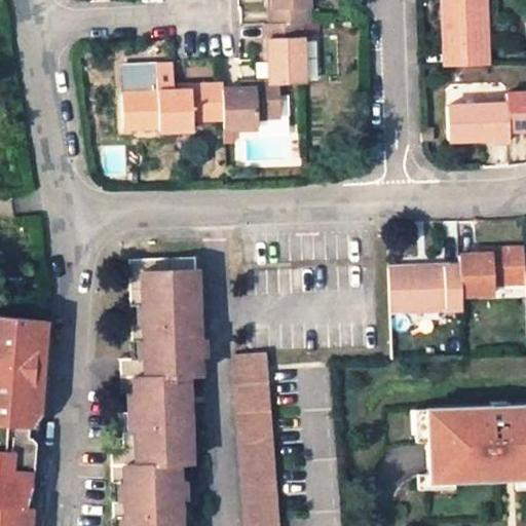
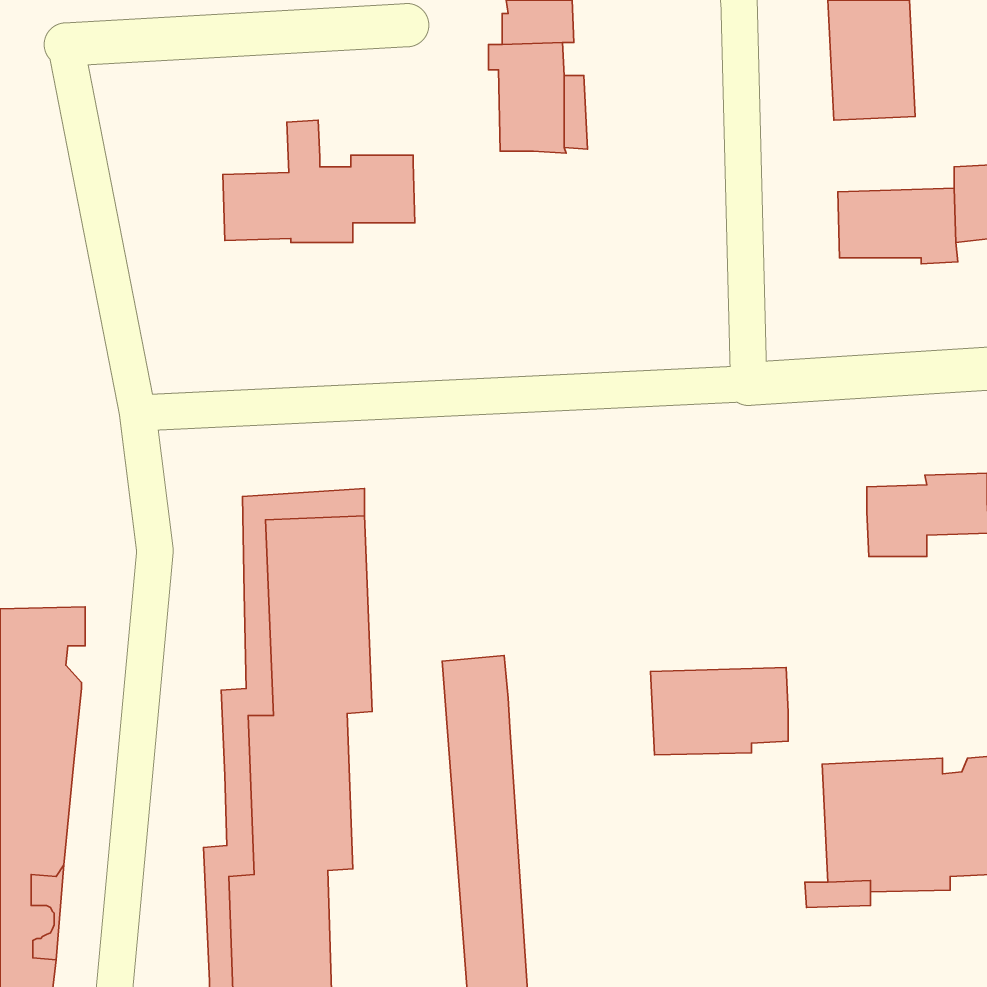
building: [119,67,155,95] -> none
building: [221,82,285,126] -> none
building: [389,273,462,320] -> [651,668,788,755]

